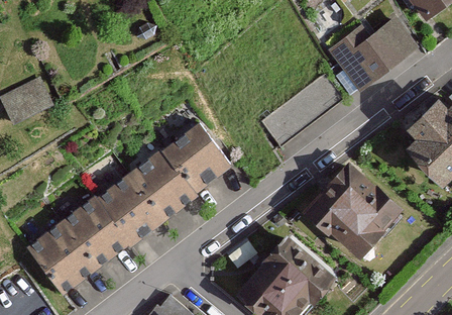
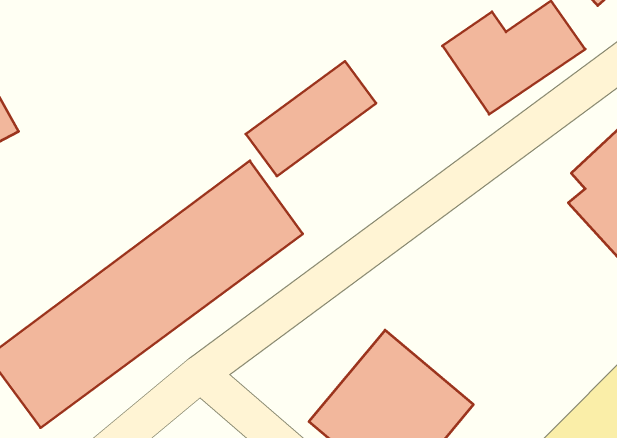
building: [255,74,340,148] -> [246,61,376,176]
building: [305,160,409,261] -> none

